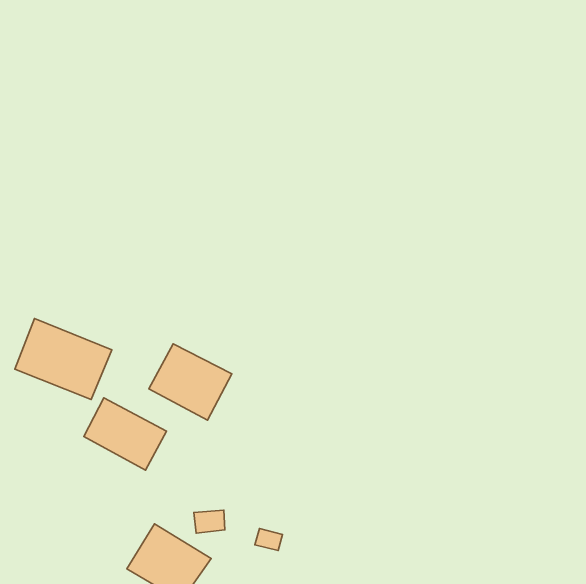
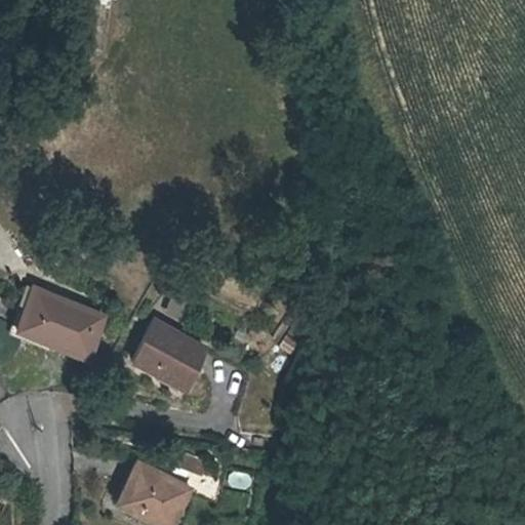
building: [84,398,166,470] -> none

